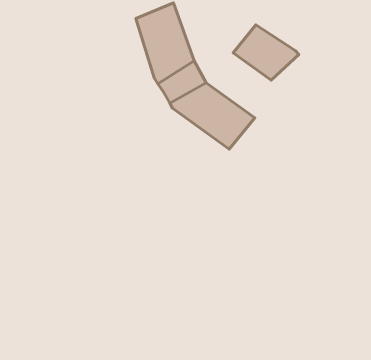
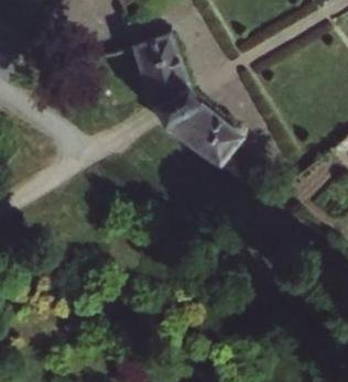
building: [233,25,299,80] -> none

